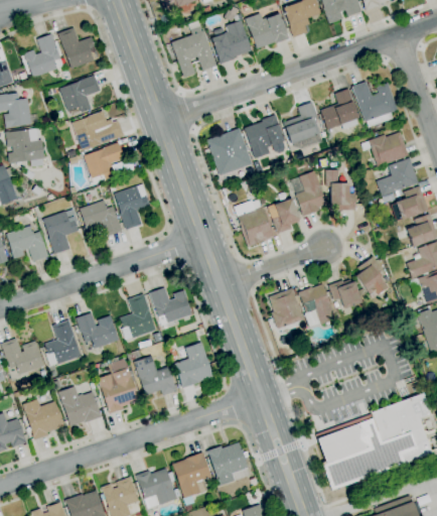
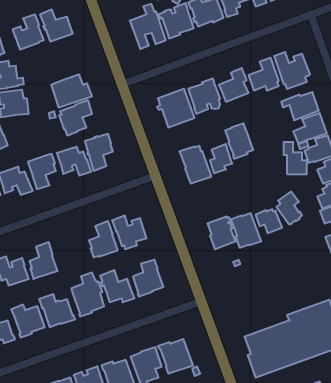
building: [59,75,101,113] -> none
building: [326,170,355,211] -> [284,142,307,174]
building: [77,313,119,349] -> none

